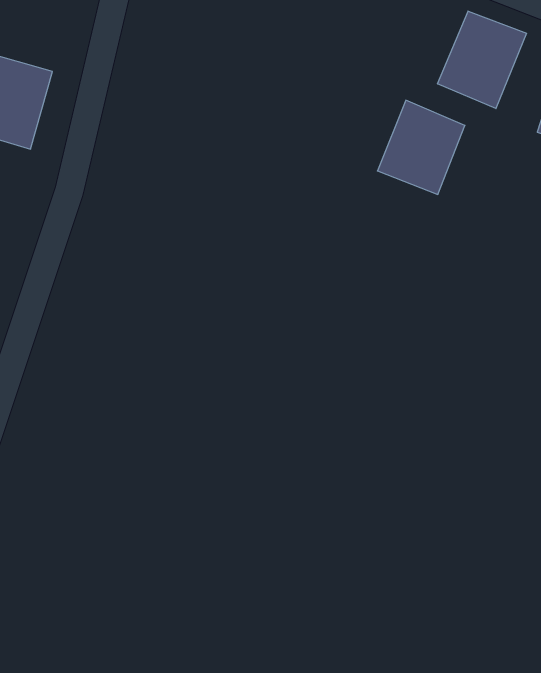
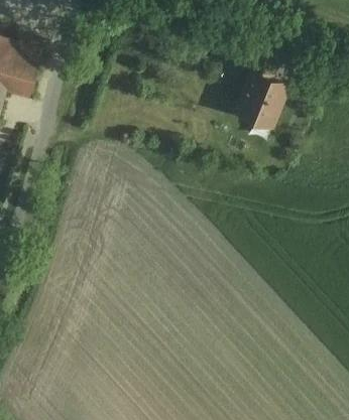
building: [438,11,526,109] -> none

